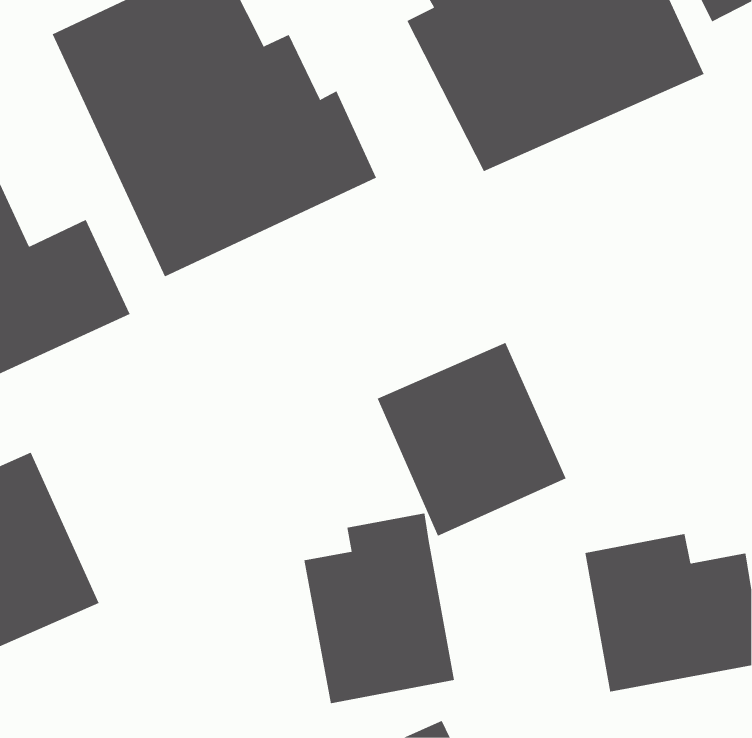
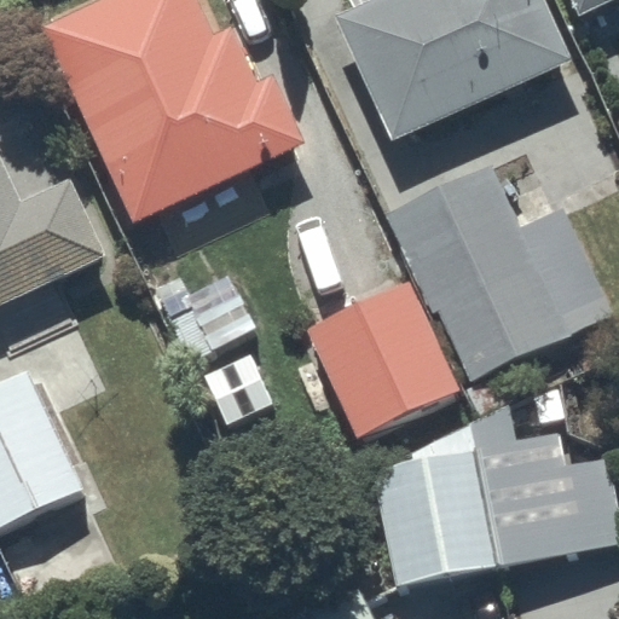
building: none -> [384,158,595,380]
building: [304,513,455,704] -> [374,428,497,584]

